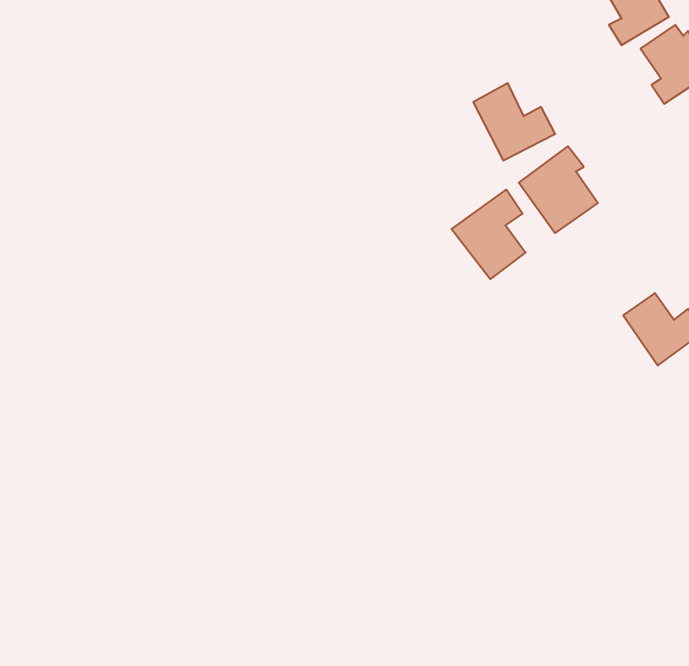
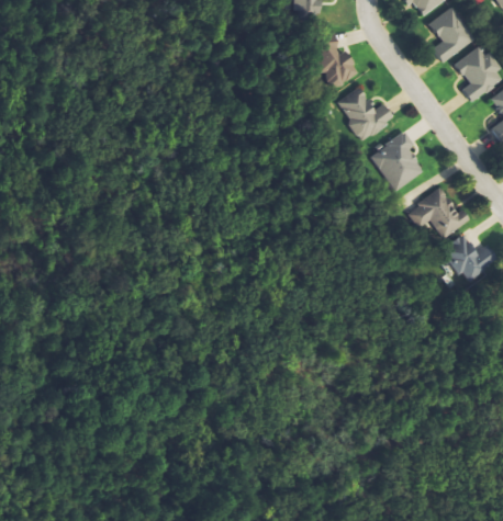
building: none -> [313,38,357,89]
building: [452,190,526,279] -> none
building: none -> [411,189,470,243]

